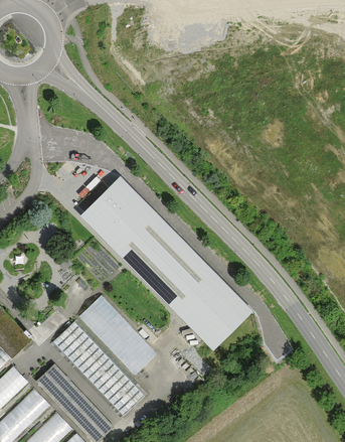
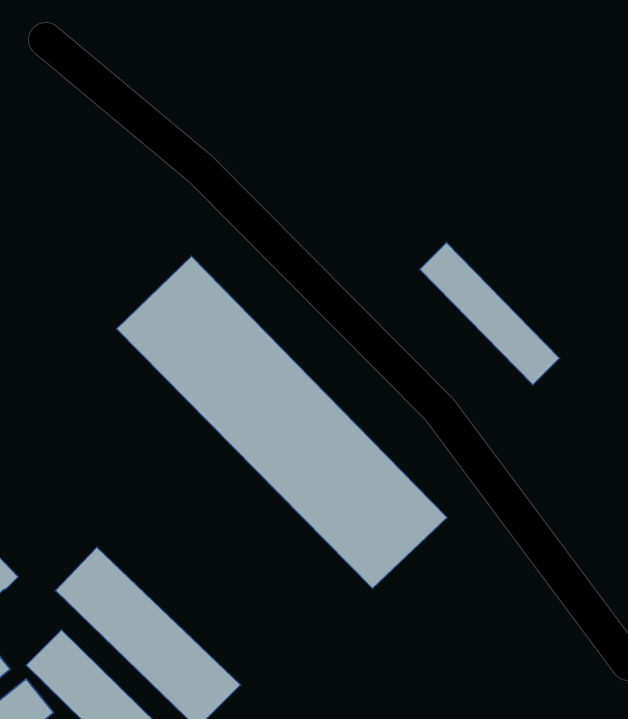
building: none -> [420,243,560,385]
building: [80,296,158,378] -> none

